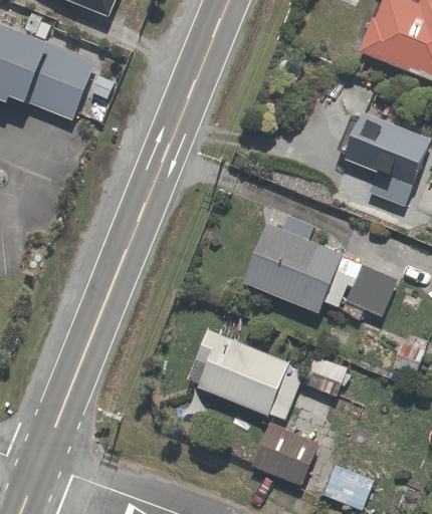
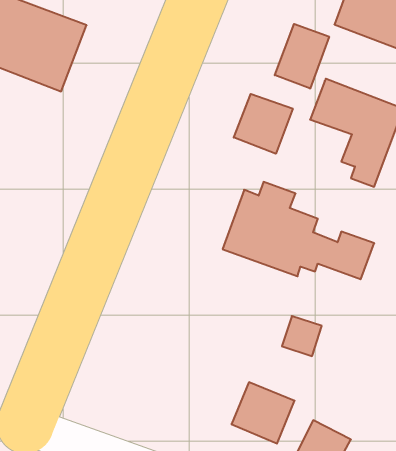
building: none -> [275,24,329,89]
building: none -> [234,94,293,154]
building: [186,326,303,420] -> none

